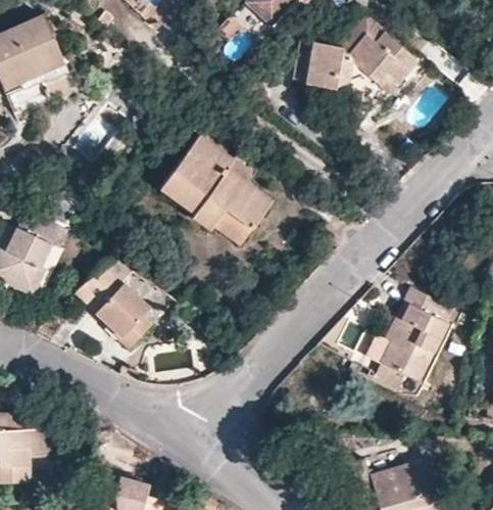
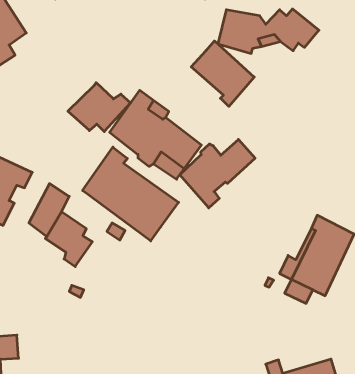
building: none -> [191,41,254,106]
building: none -> [68,83,131,132]
building: none -> [180,139,255,208]
building: none -> [83,147,179,241]

